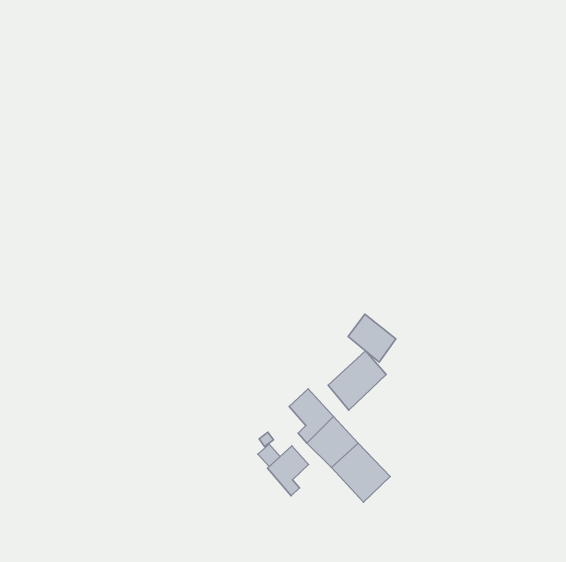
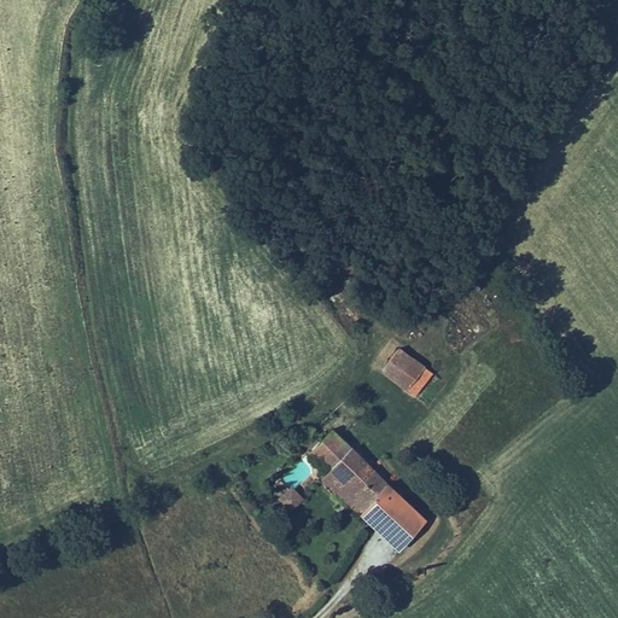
building: [328,351,386,410] -> none
building: [267,446,309,496] -> none

